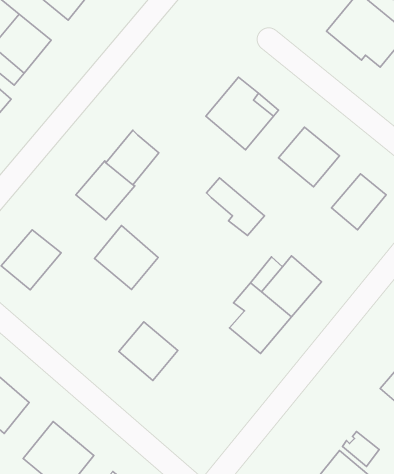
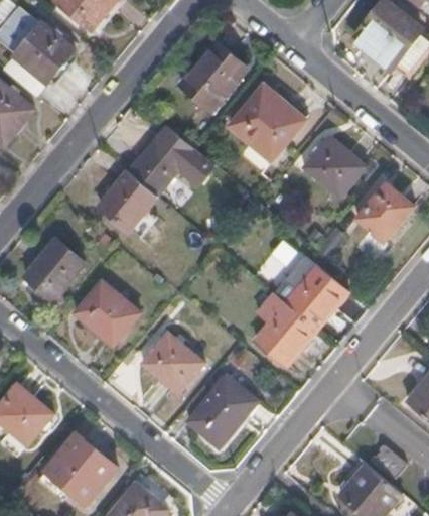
building: none -> [179,42,247,112]
building: [207,178,265,236] -> [156,125,214,183]
building: [94,226,158,289] -> [76,281,140,346]
building: none -> [187,376,257,447]

